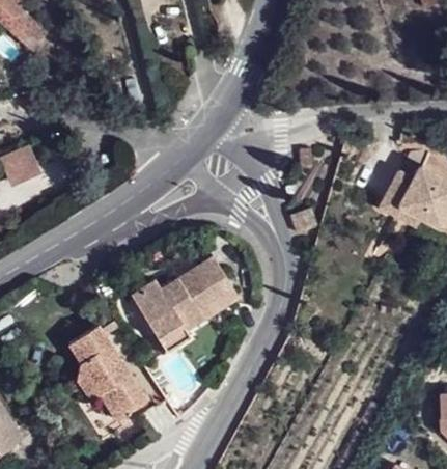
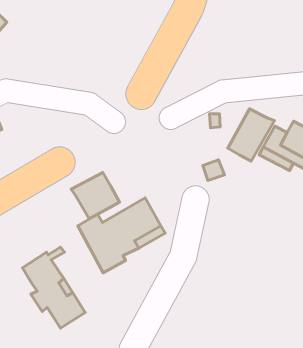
building: none -> [228,109,274,161]
building: none -> [71,173,119,219]

